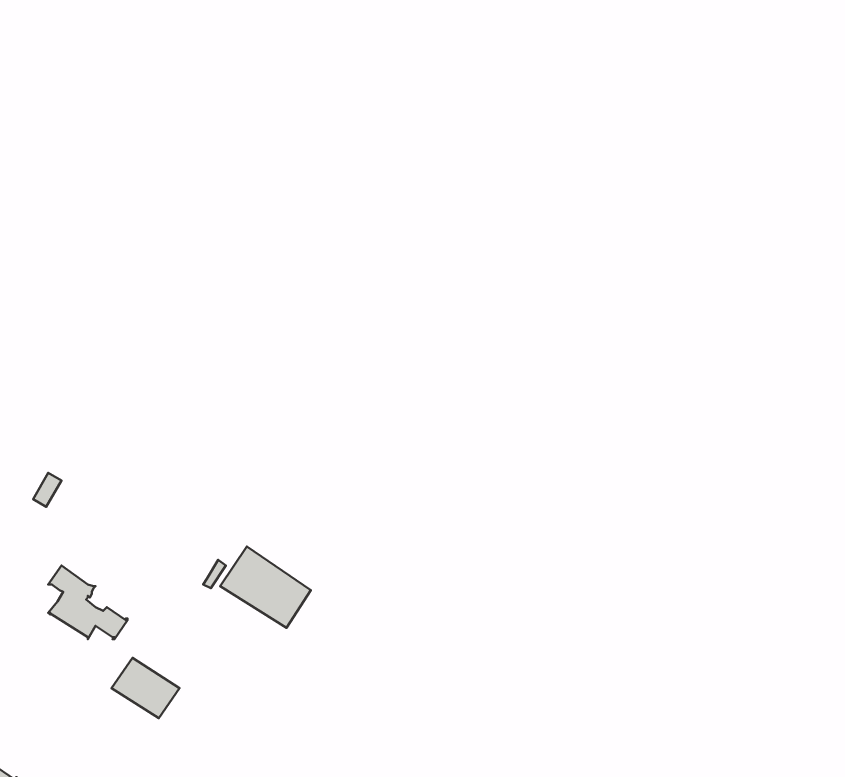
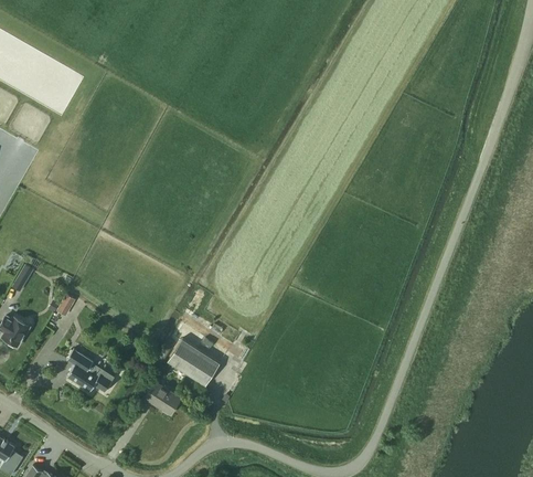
building: [112,658,180,718] -> [142,380,182,415]

